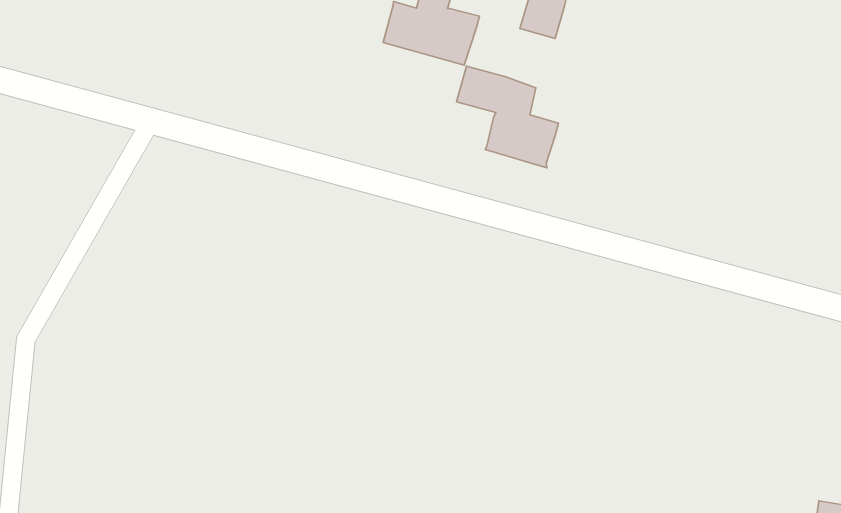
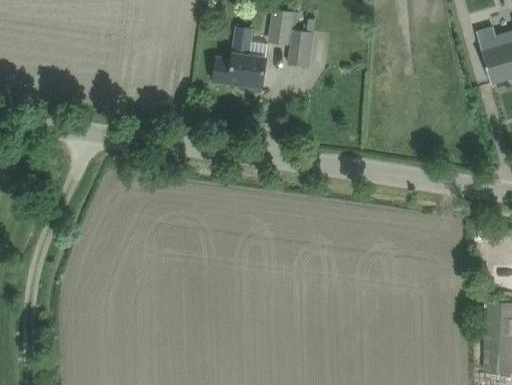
building: [457,66,559,168] -> none

